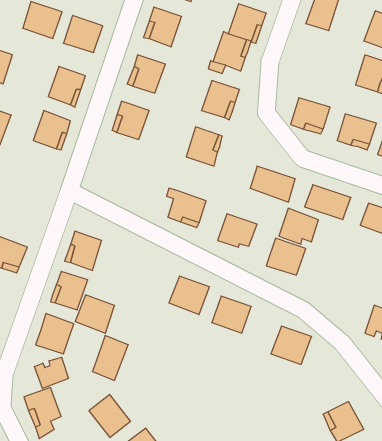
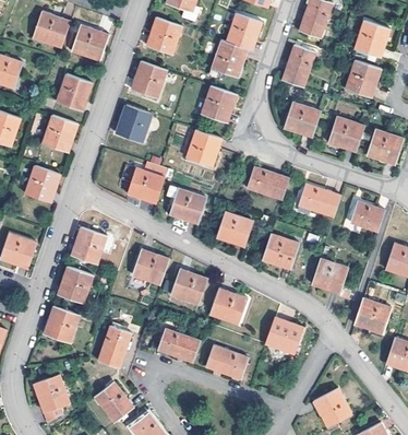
building: none -> [283,46,315,87]
building: none -> [128,161,167,202]
building: none -> [25,164,60,200]
building: [279,208,318,244] -> [311,257,348,291]
building: [75,295,115,333] -> [132,249,169,285]
building: none -> [159,328,201,361]
building: none -> [206,345,249,378]
building: [34,357,69,389] -> none

